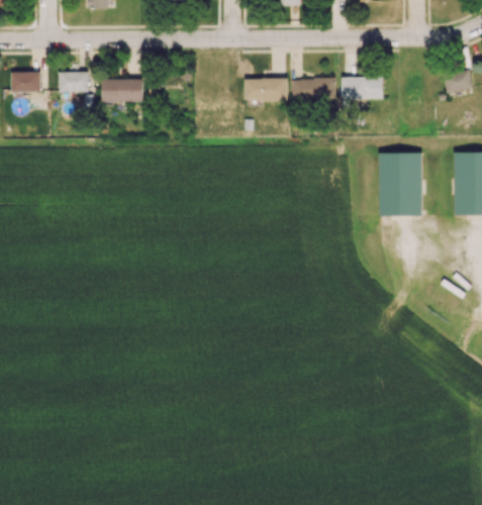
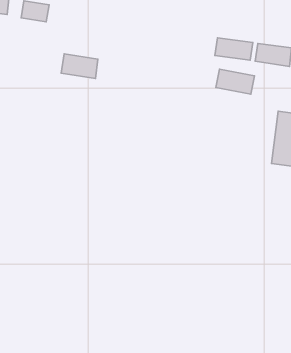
building: [245,78,288,101] -> [216,69,255,94]
building: [102,79,143,102] -> [61,54,98,78]

